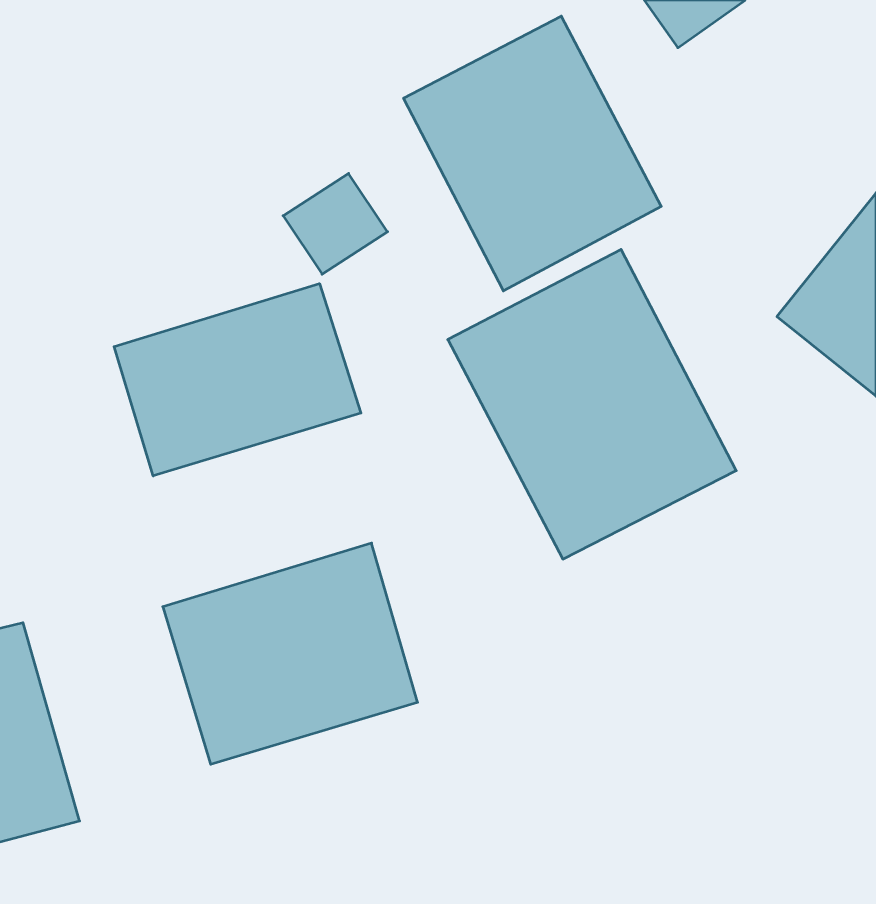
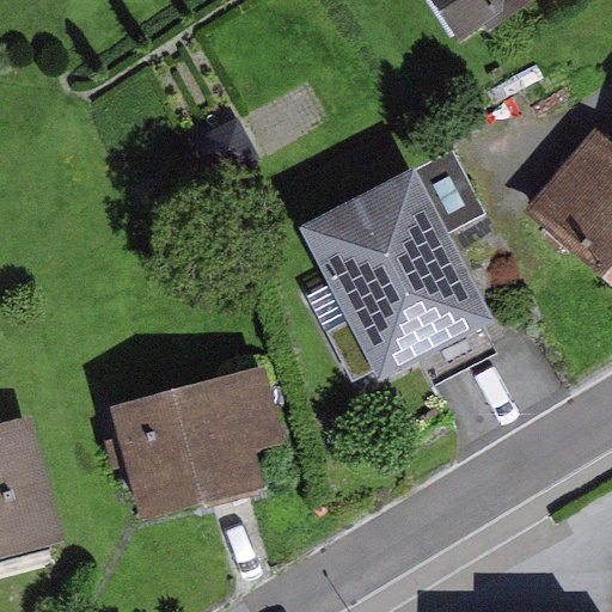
building: [404,16,661,291] -> none
building: [114,284,361,476] -> none

